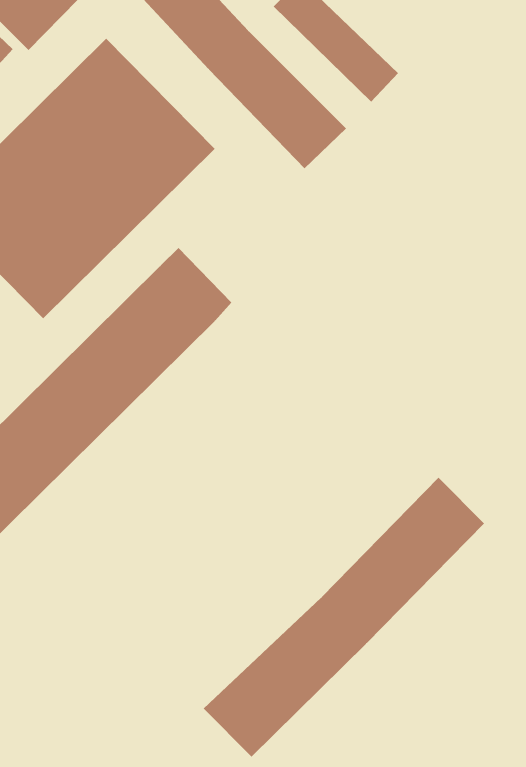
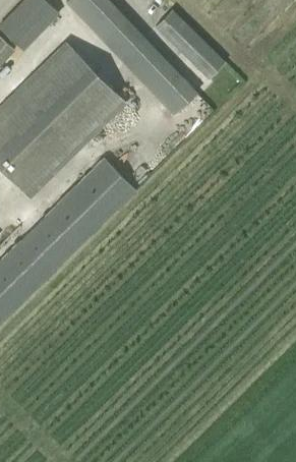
building: [203,477,485,757] -> none

